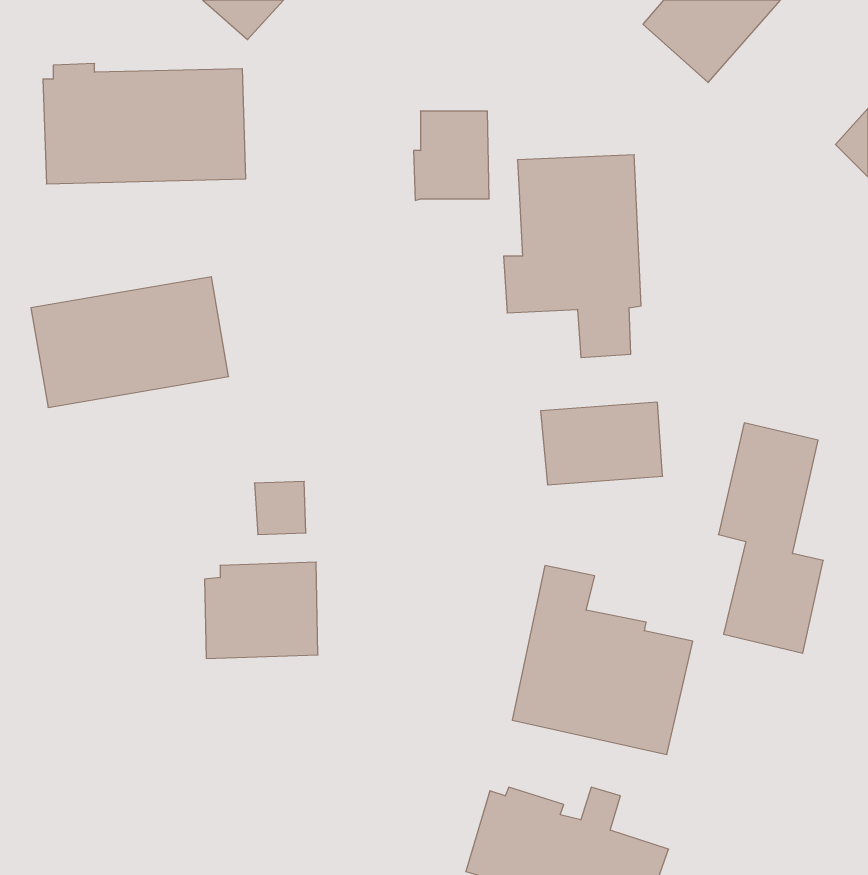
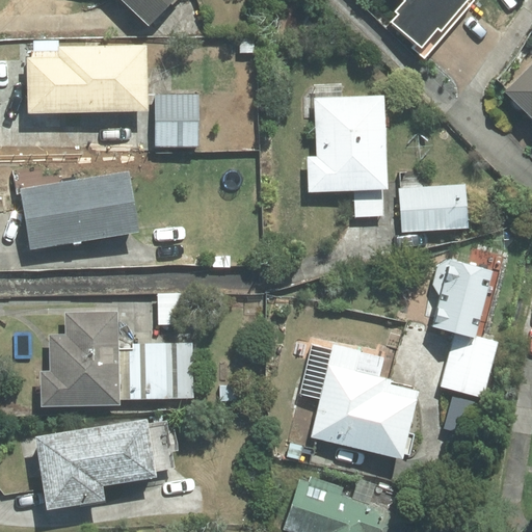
building: [414,111,489,200] -> [153,94,198,148]
building: [541,402,663,485] -> [395,183,469,233]
building: none -> [38,311,119,406]
building: none -> [36,418,174,508]

